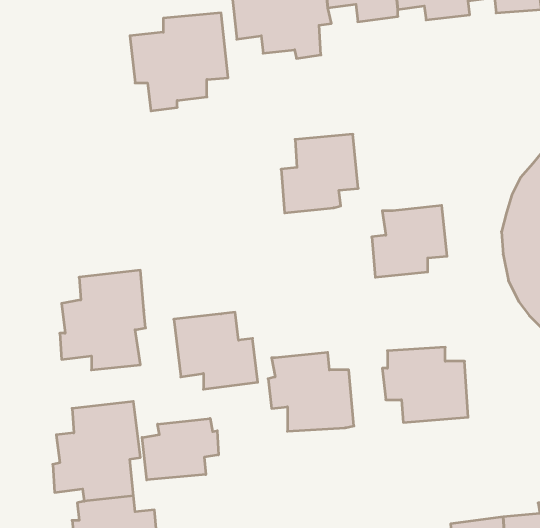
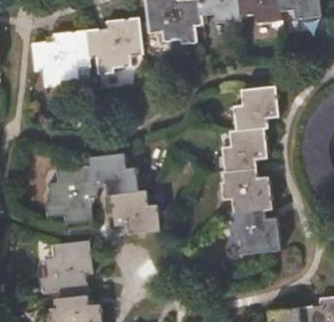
building: none -> [32,31,89,87]
building: [281,134,358,213] -> [235,86,279,131]
building: none -> [91,153,138,195]
building: [268,352,354,431] -> [223,167,272,212]
building: [142,418,218,480] -> none

